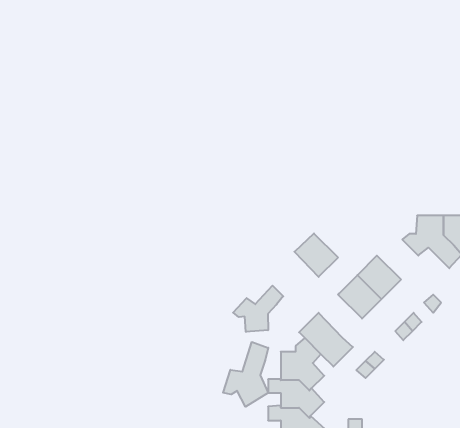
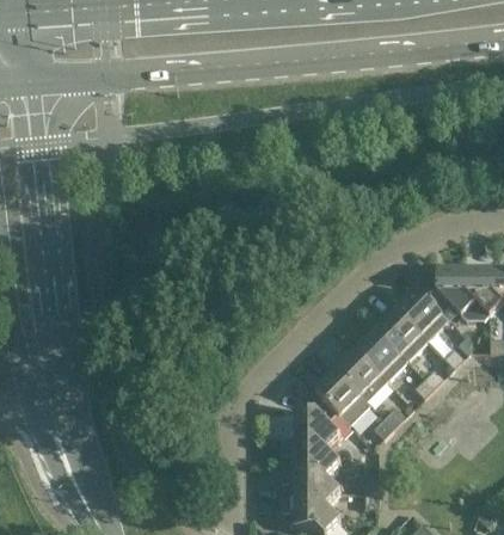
building: [294,233,338,277] -> [338,350,383,395]
building: none -> [399,288,445,334]
building: [233,286,283,332] -> none
building: [223,342,268,407] -> none

